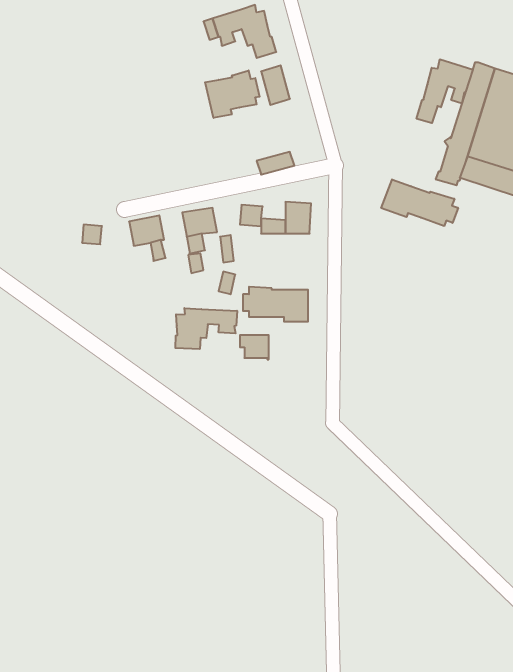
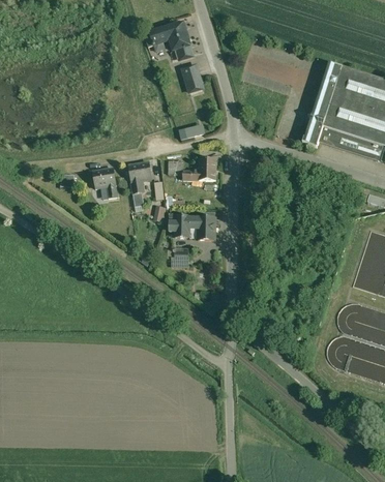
building: [417,59,473,123] -> none
building: [205,70,260,118] -> none
building: [381,179,458,226] -> none
building: [175,308,237,349] -> none

